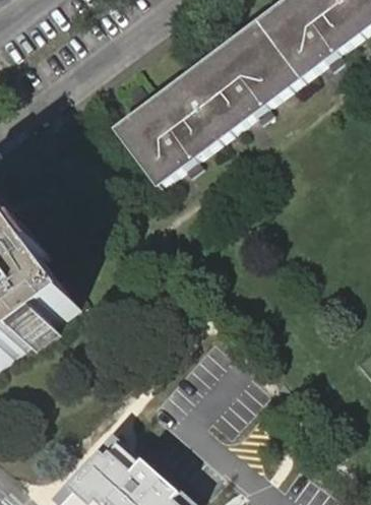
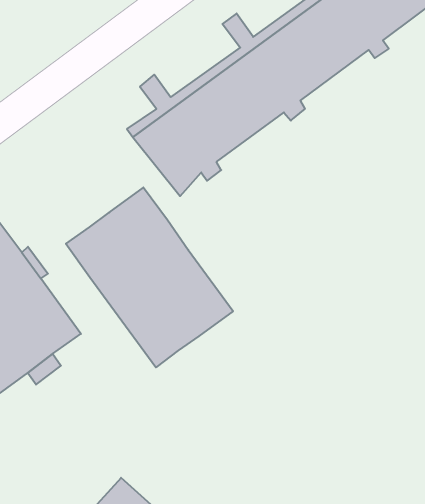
building: none -> [66,187,233,367]

